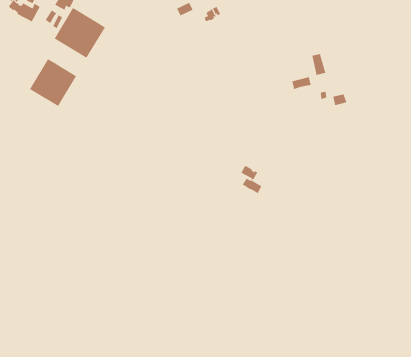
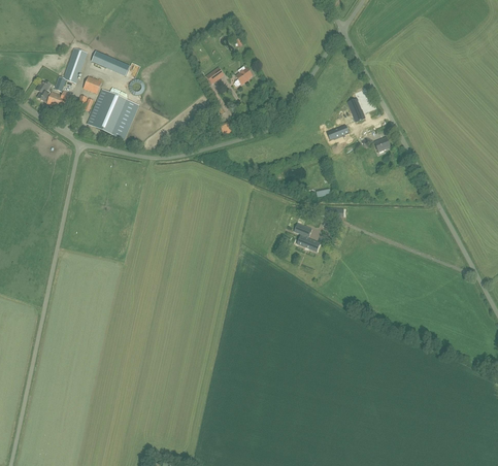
building: [29,59,77,107] -> none

